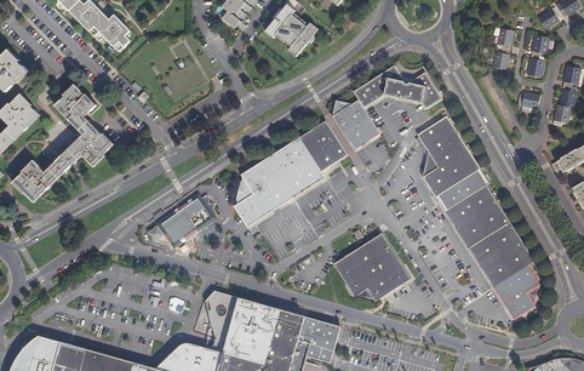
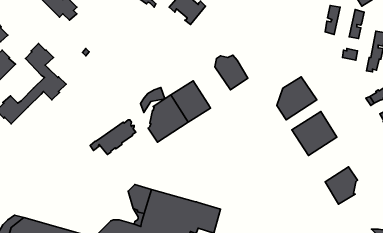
building: [353,65,441,109] -> none
building: [420,116,457,149] -> none
building: [299,125,347,172] -> none
building: none -> [141,87,165,112]
building: [435,166,488,210] -> none
building: [468,221,531,286] -> none
building: [333,233,411,299] -> none

